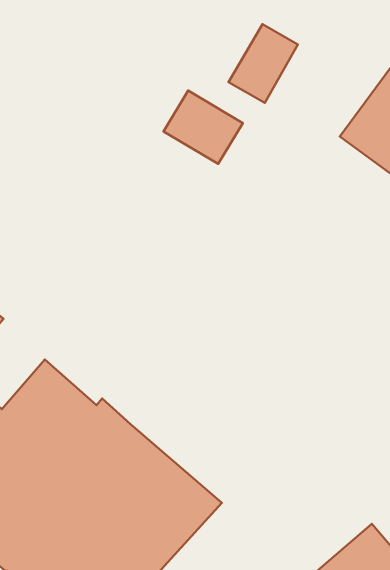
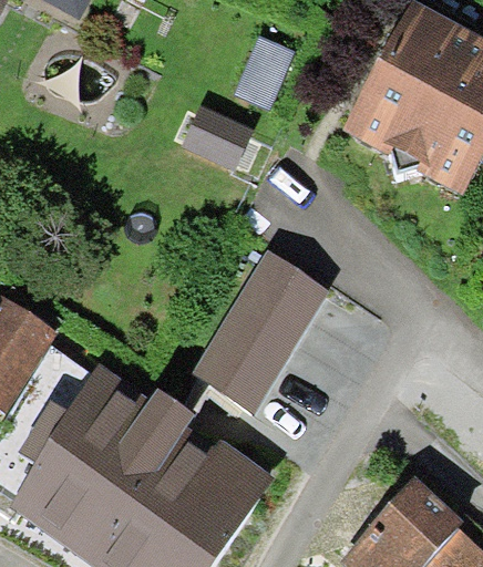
building: none -> [188,249,331,413]

